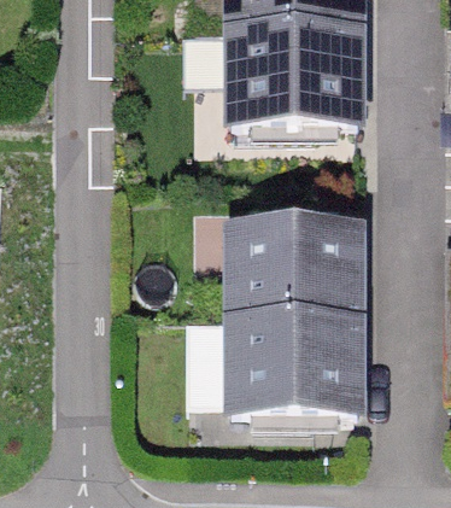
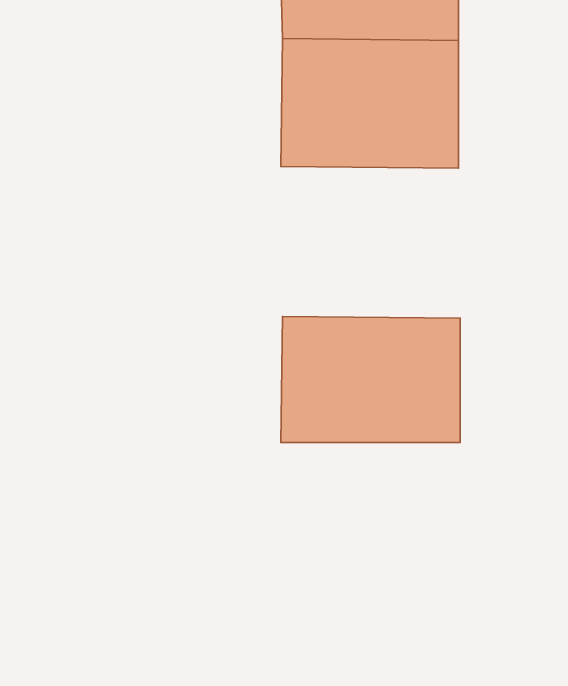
building: [227,316,353,409] -> none

